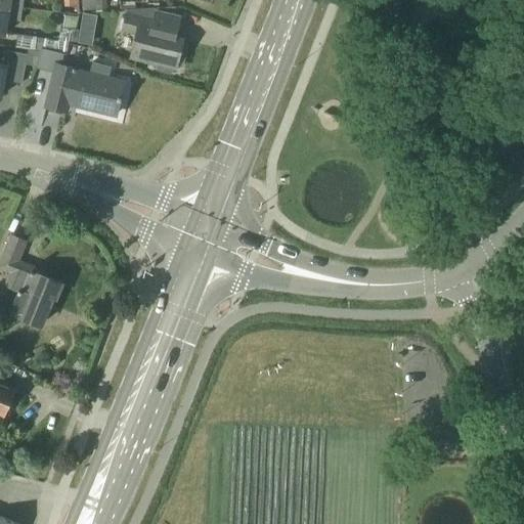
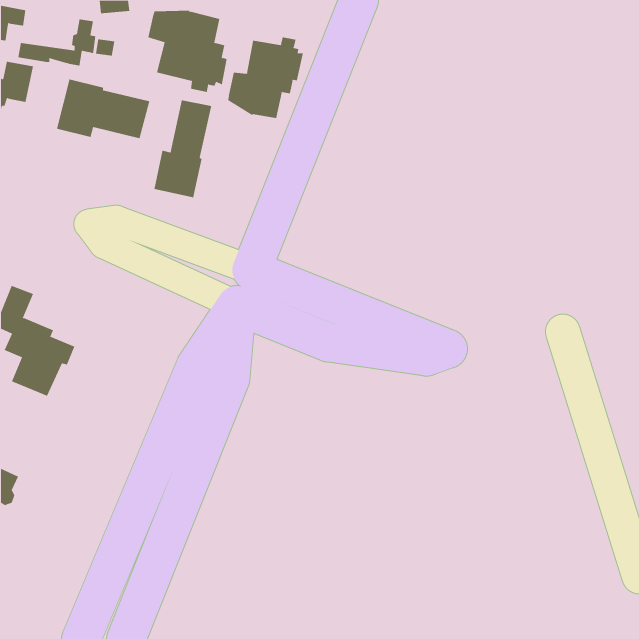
building: none -> [228,36,304,119]
building: none -> [154,100,212,198]

